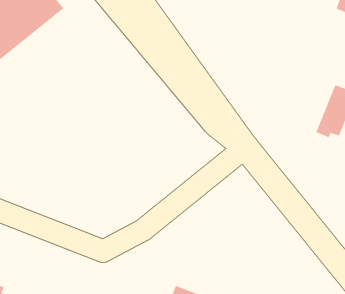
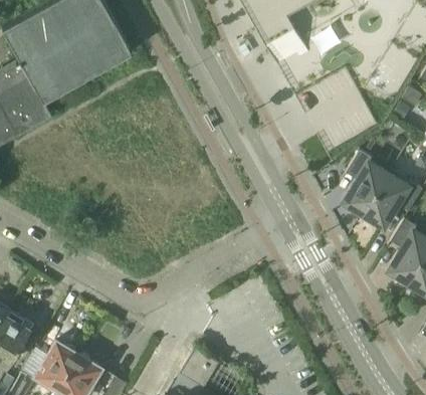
building: none -> [344,151,388,218]

